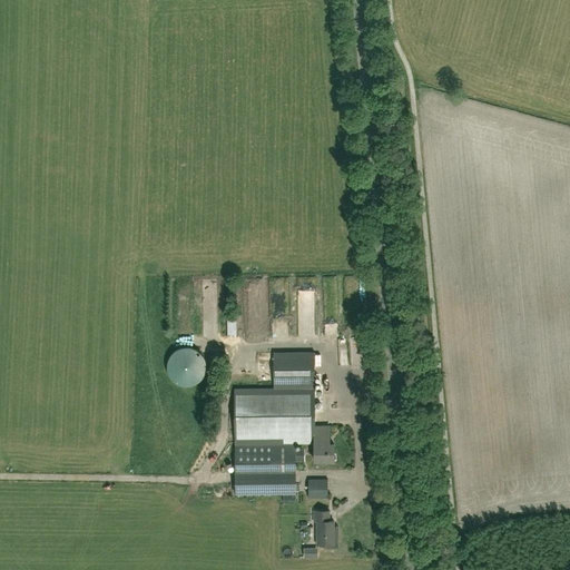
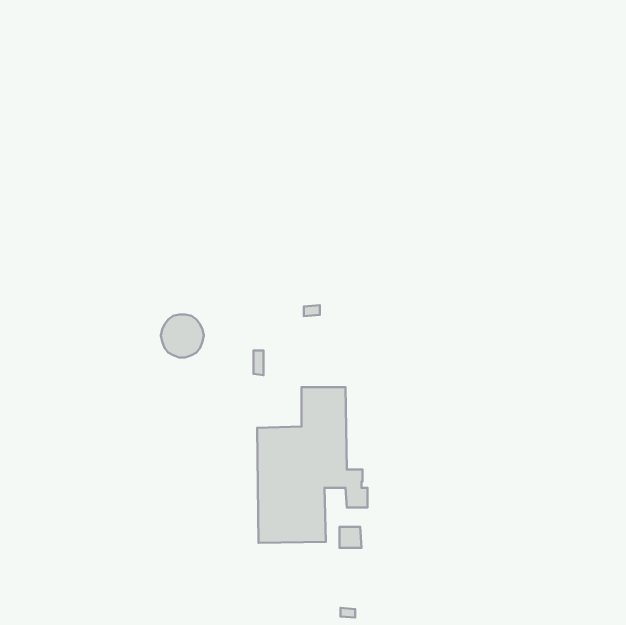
building: [167,348,206,387] -> [161,315,204,358]
building: [314,512,335,546] -> none

